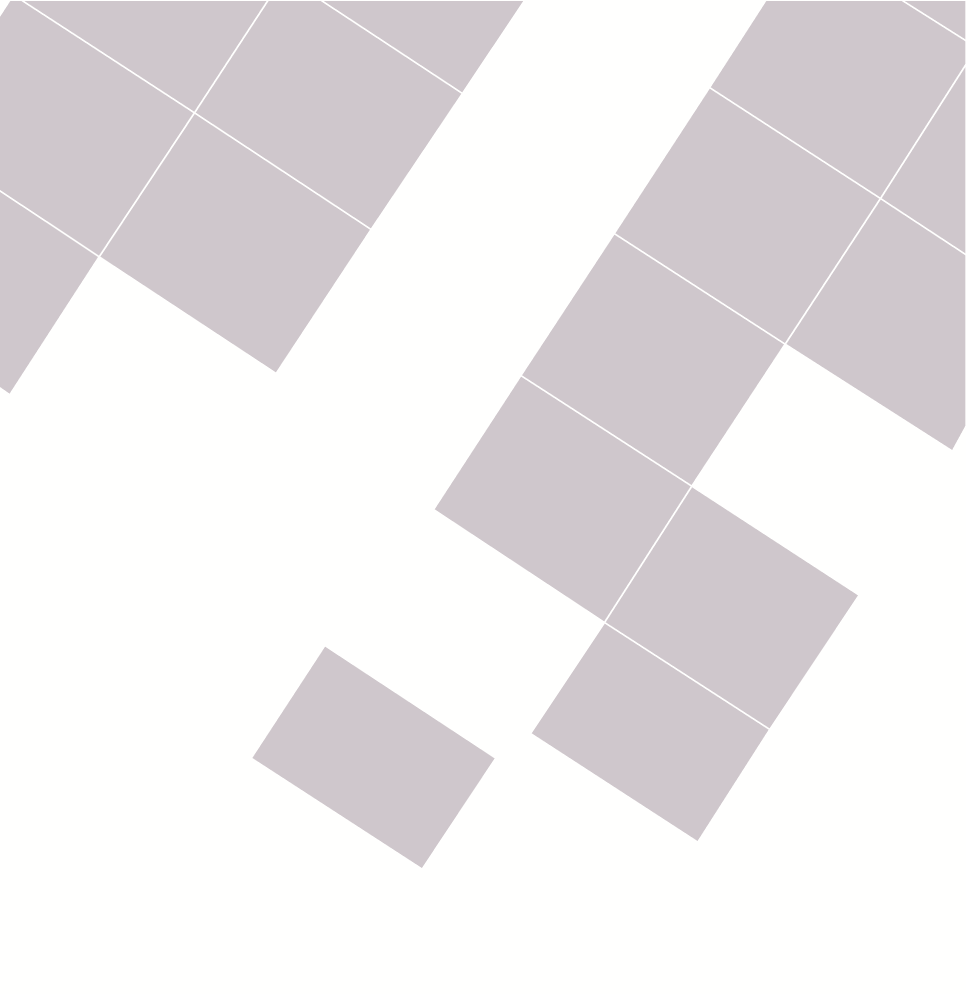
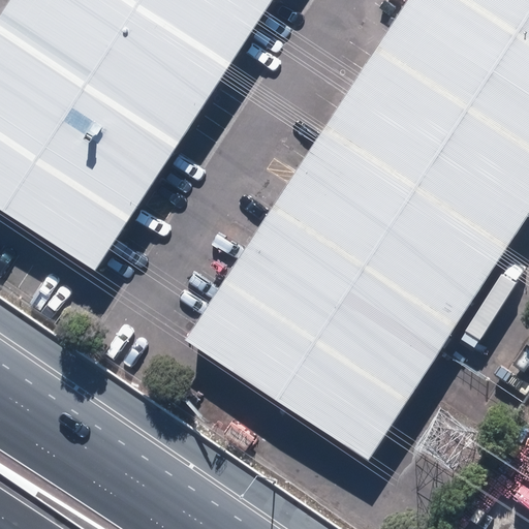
building: none -> [5,136,147,271]
building: none -> [368,183,506,316]
building: [251,645,496,869] -> [191,271,321,390]

